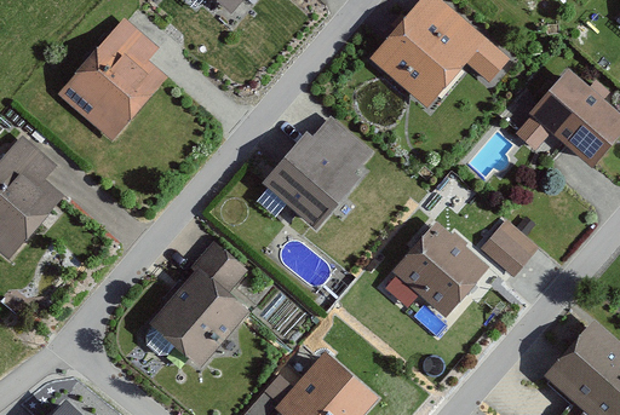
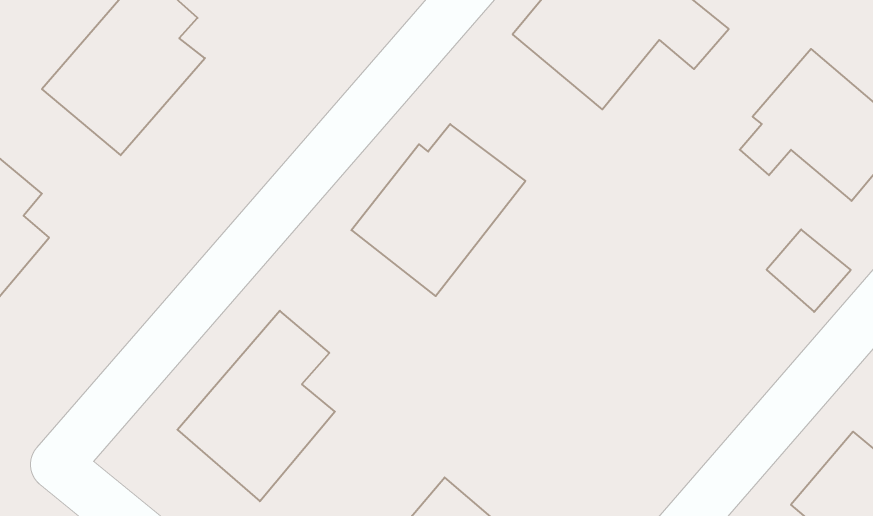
building: [482,223,538,277] -> [767,229,851,312]
building: [392,224,486,317] -> none

